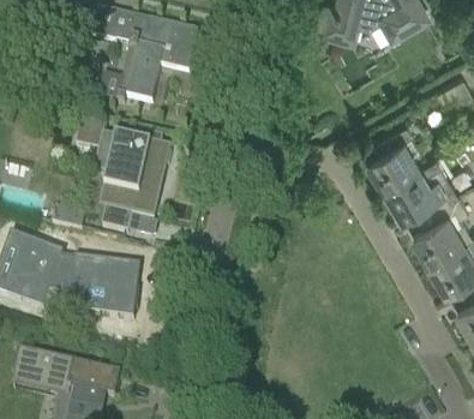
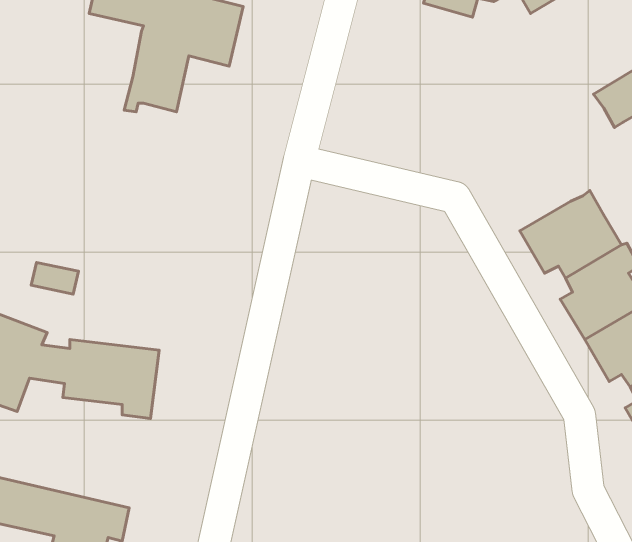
building: [72,124,169,237] -> none
building: [367,127,420,190] -> none

